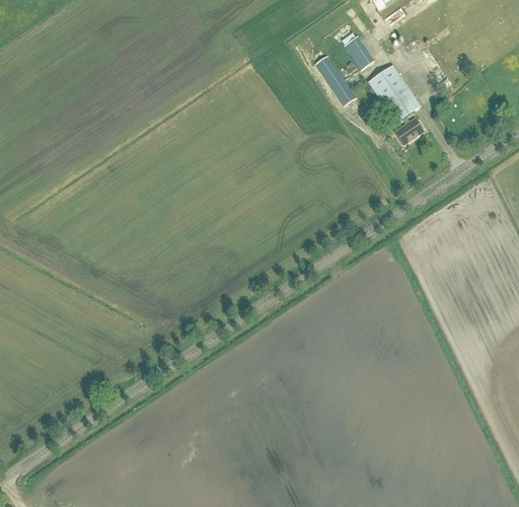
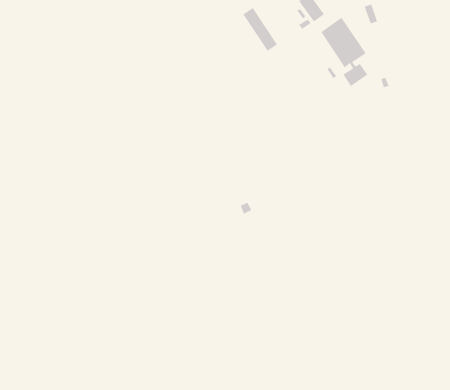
building: [314,54,355,104] -> [242,7,278,52]

